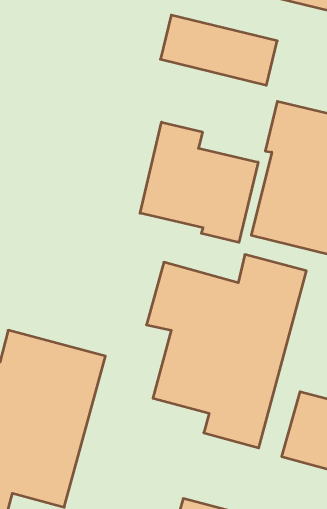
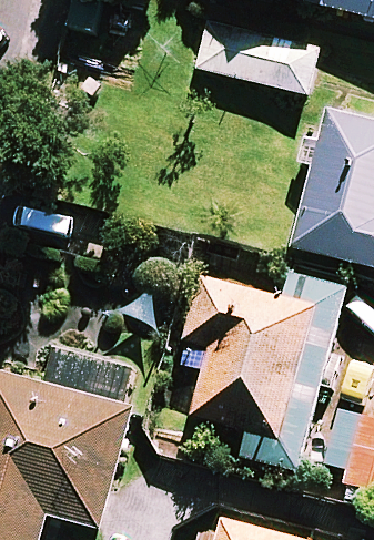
building: [140,122,258,242] -> none

